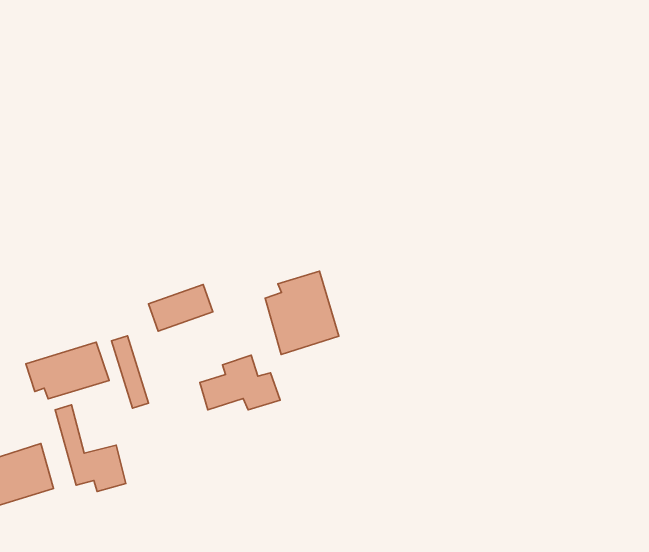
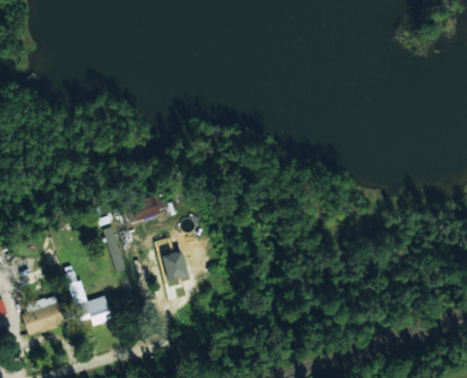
building: [265,271,339,355] -> none
building: [26,342,109,399] -> none

